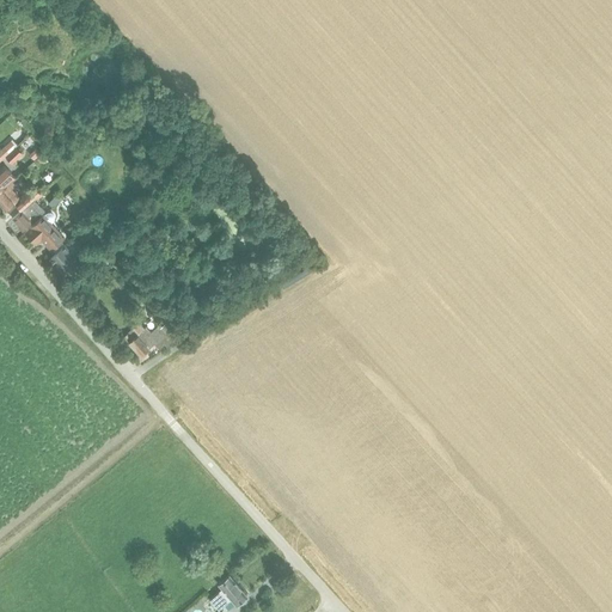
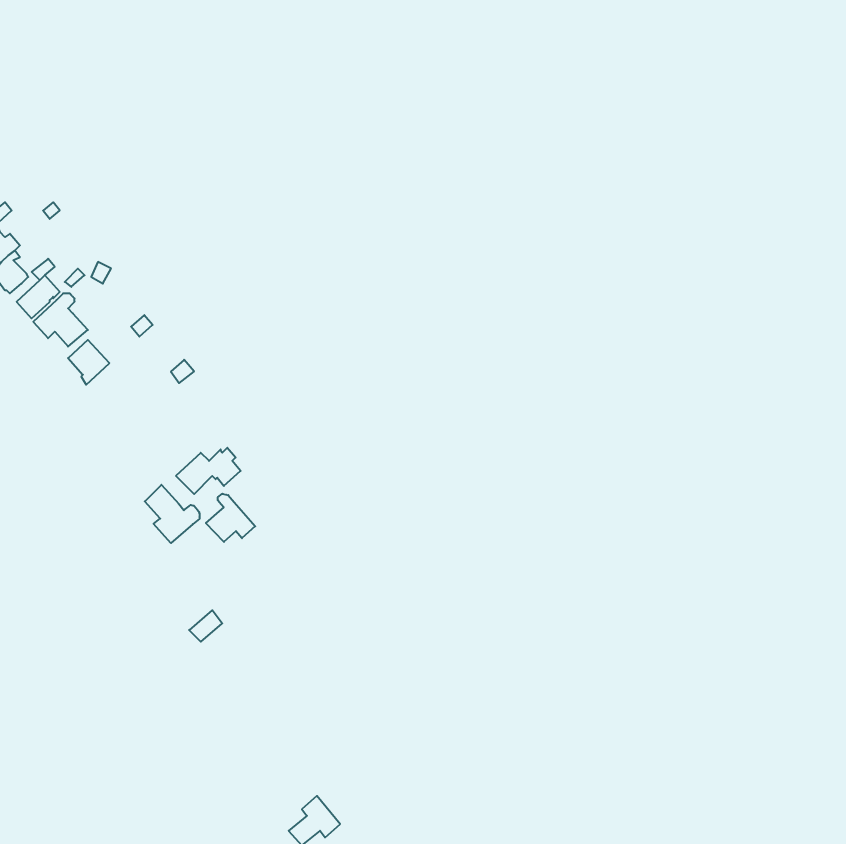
building: none -> [145,485,199,543]
building: none -> [206,494,255,542]

